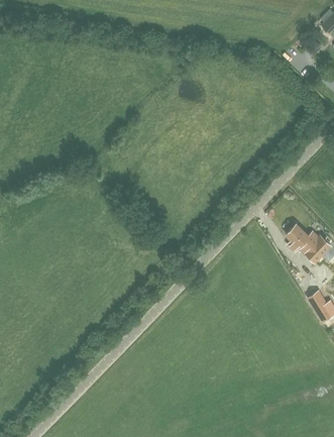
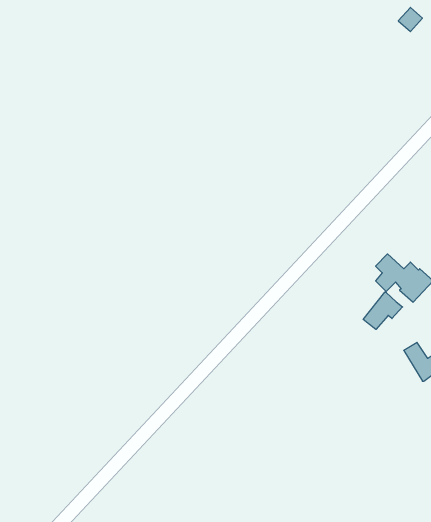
building: none -> [363,292,403,329]

